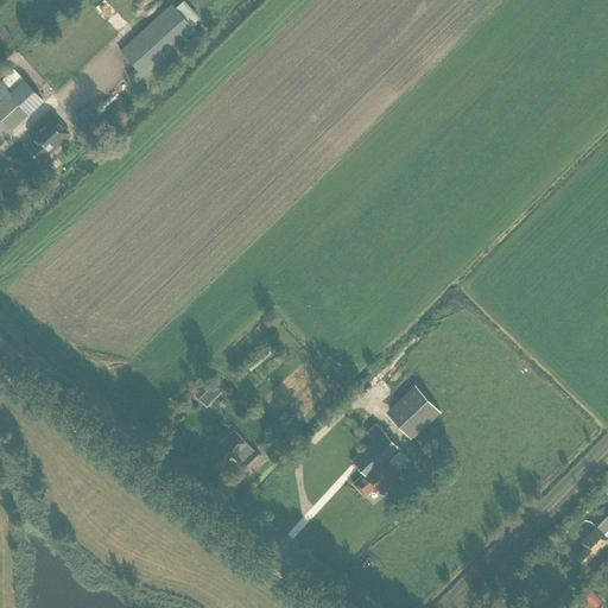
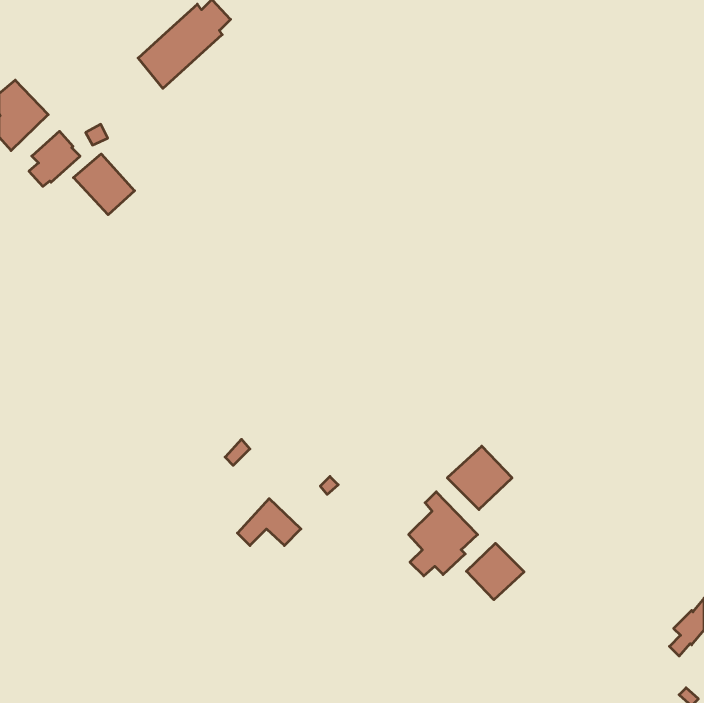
building: none -> [73,154,135,215]
building: none -> [466,543,524,600]

